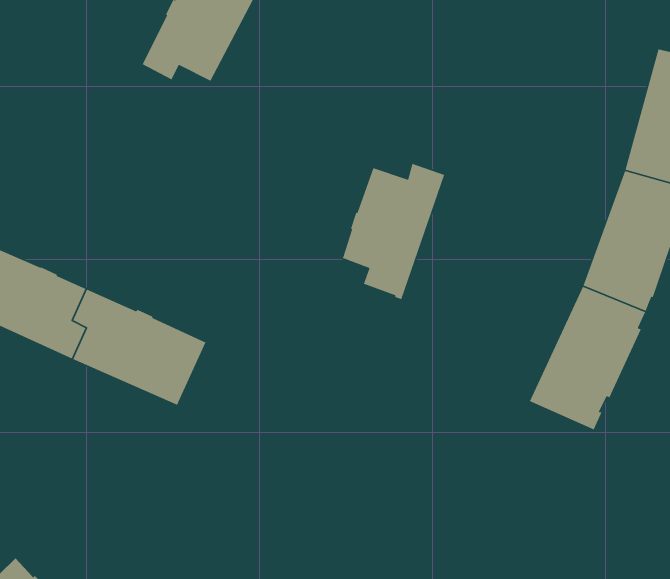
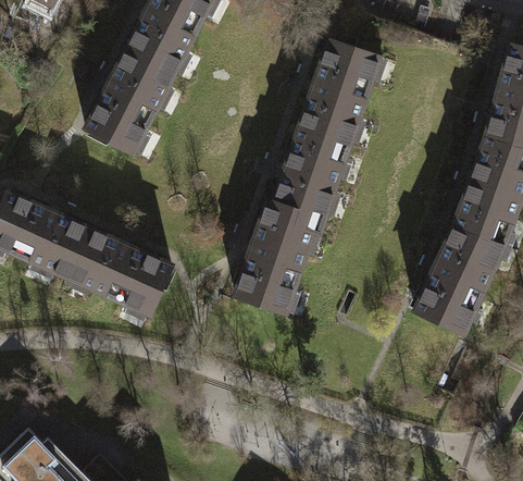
building: none -> [297,40,379,143]
building: none -> [85,57,175,153]
building: none -> [235,199,313,312]

